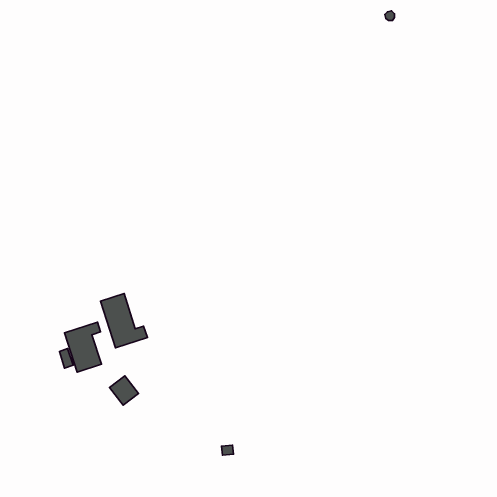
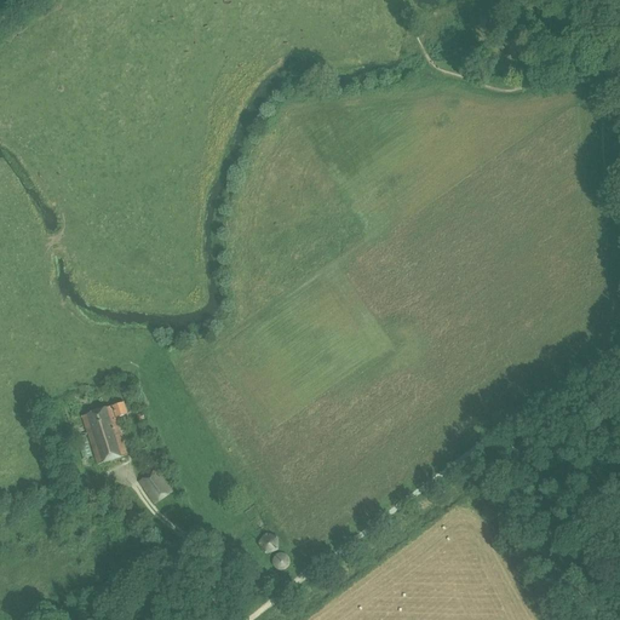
building: [100,294,148,348] -> none

